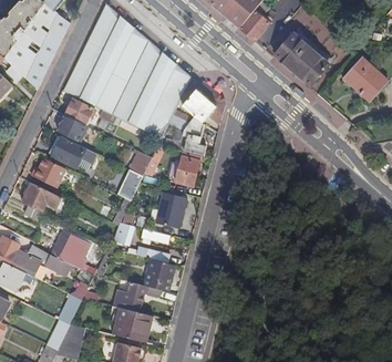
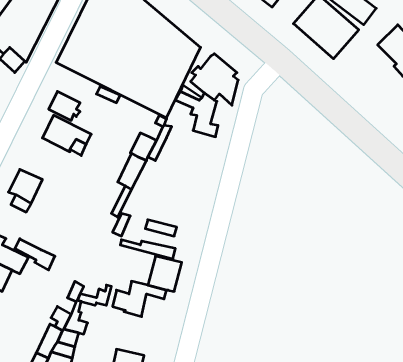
building: [64,97,92,125] -> none
building: [175,151,200,184] -> none
building: [30,157,63,188] -> none
building: [155,192,187,228] -> none
building: [50,230,95,275] -> none
building: [114,308,149,341] -> none

